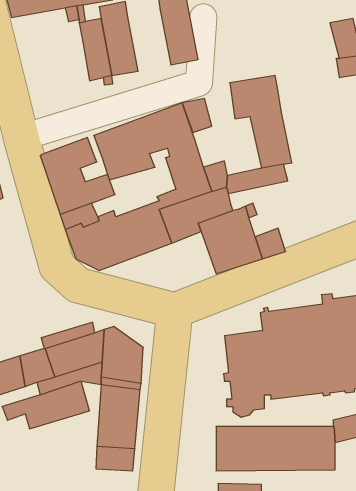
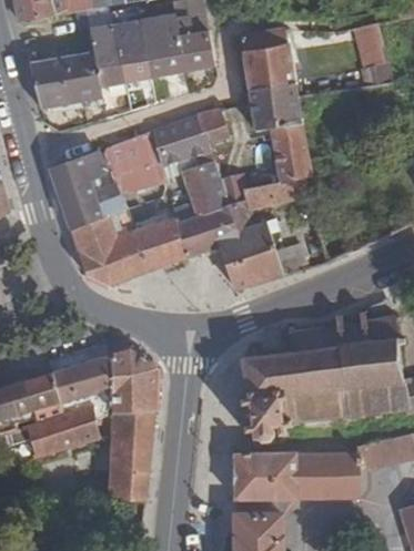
building: none -> [140,16,185,80]
building: none -> [241,29,295,92]
building: none -> [27,51,103,111]

